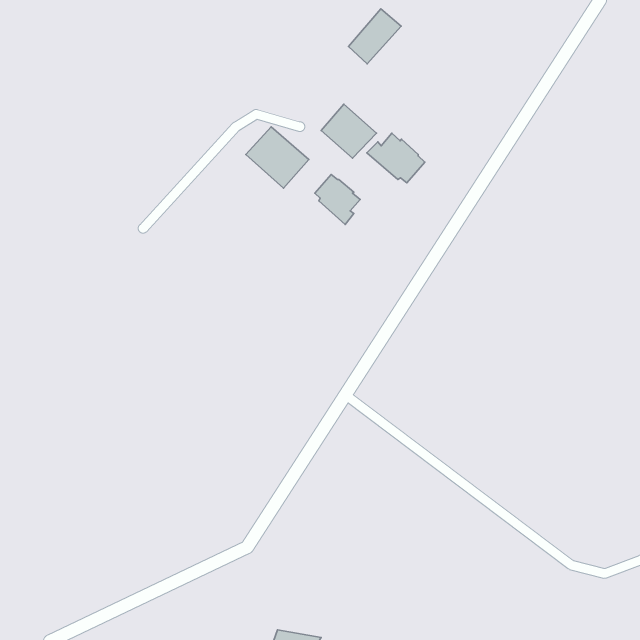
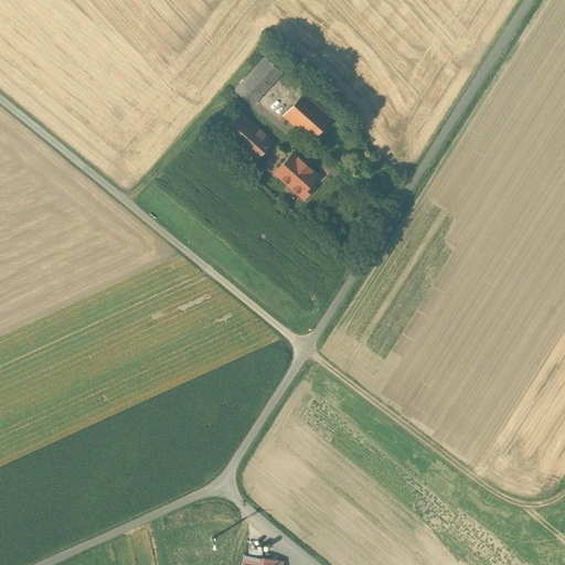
building: [348,9,401,64] -> [236,57,282,106]
building: [367,133,425,183] -> none

